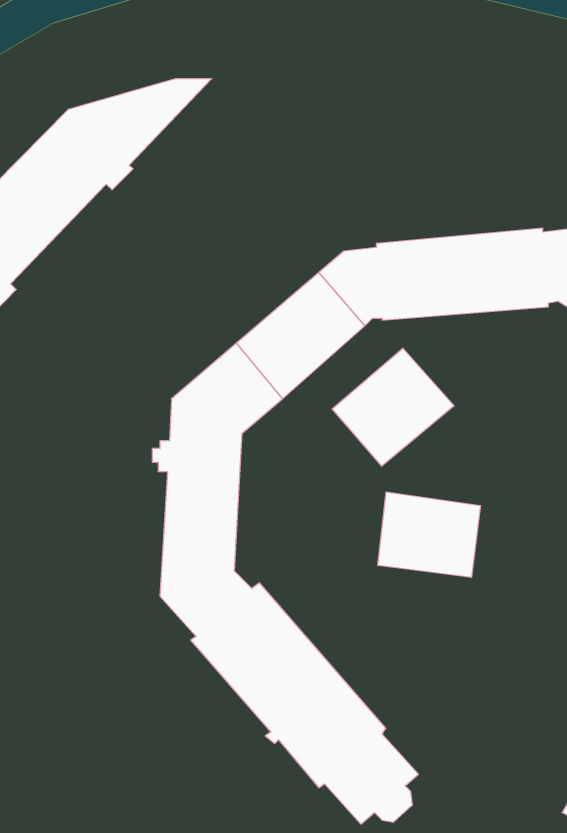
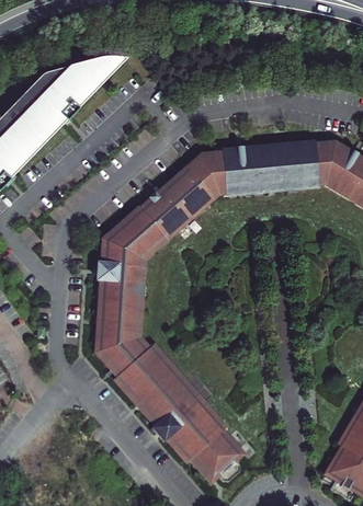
building: [332,348,454,466] -> none
building: [378,492,481,578] -> none

